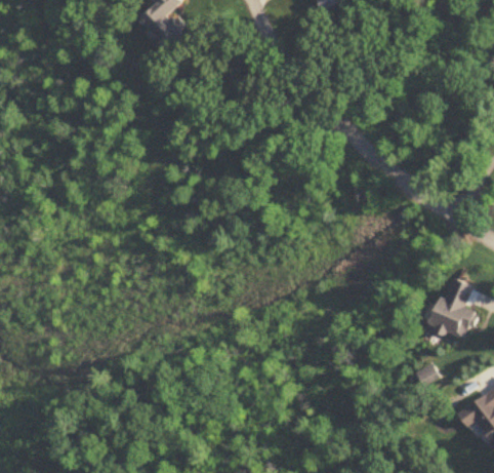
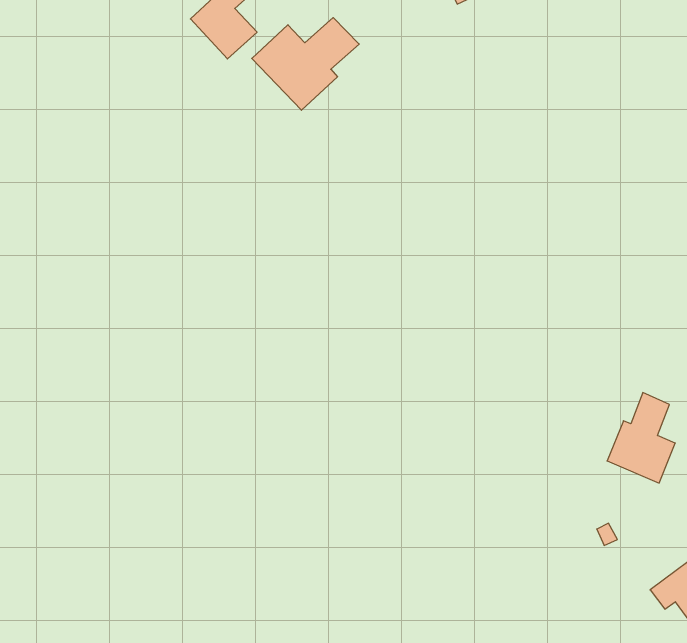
building: none -> [252,18,359,110]

